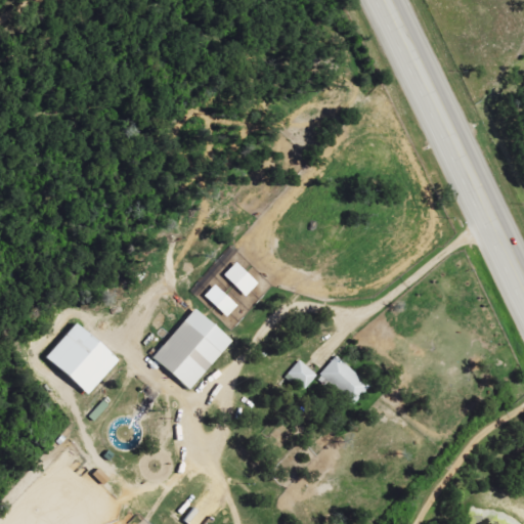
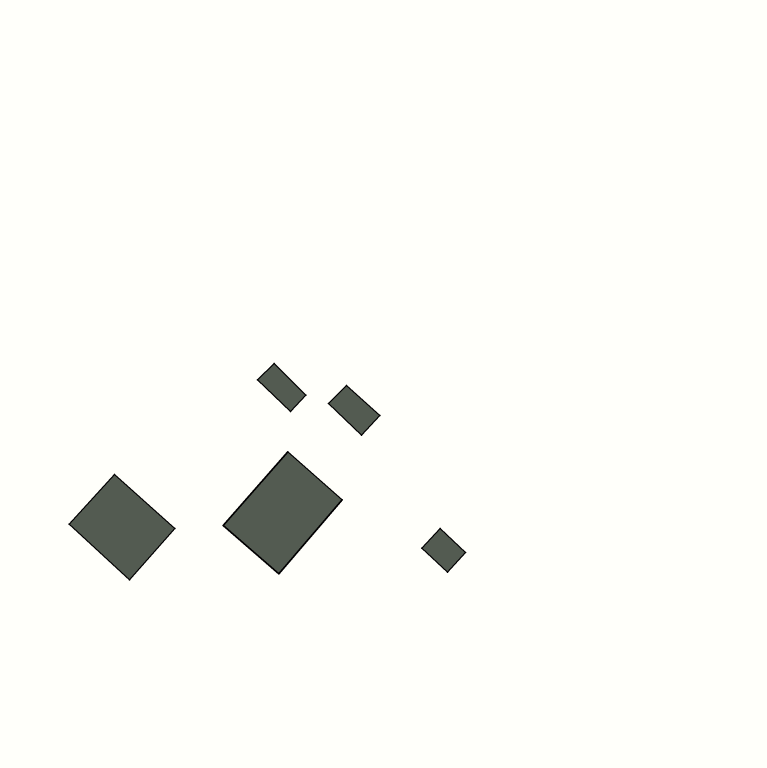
building: [204,283,236,316] -> [258,363,306,412]
building: [318,355,369,404] -> none

